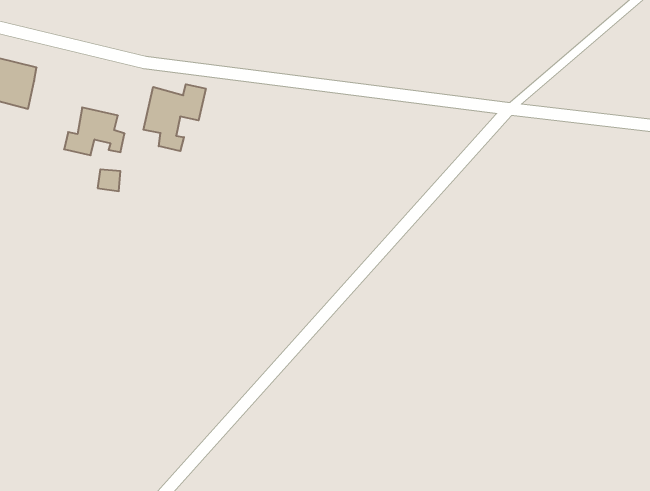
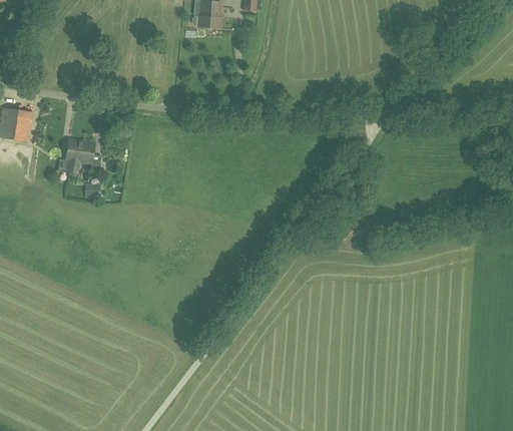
building: [143,84,206,151] -> none

